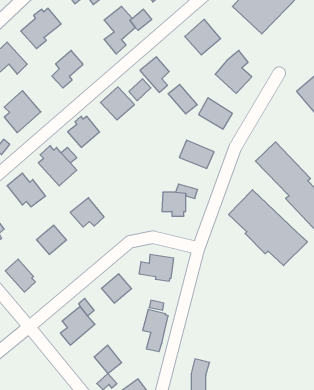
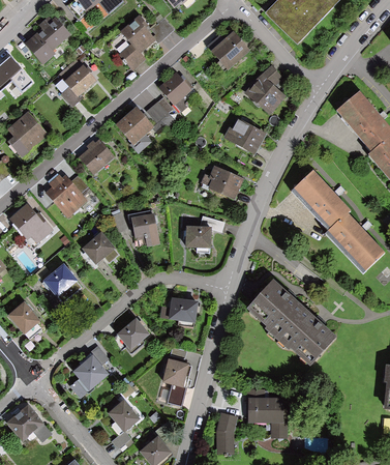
building: [168,84,197,114] -> none
building: none -> [128,209,160,248]
building: [229,190,307,266] -> [246,278,335,364]
building: none -> [247,389,288,437]
building: none -> [6,404,51,441]

